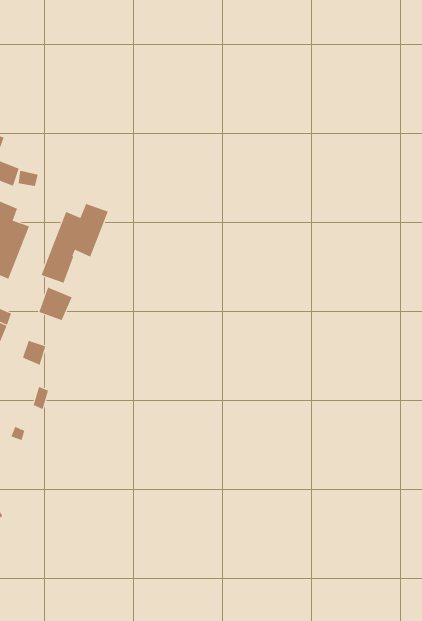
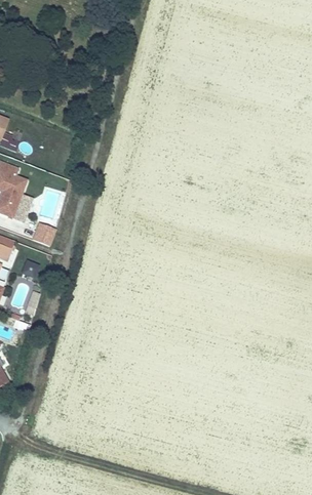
building: [41,203,109,284] -> none

